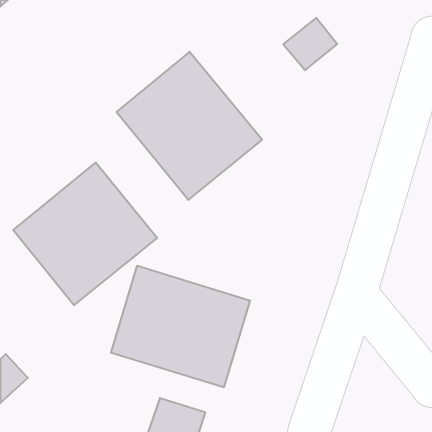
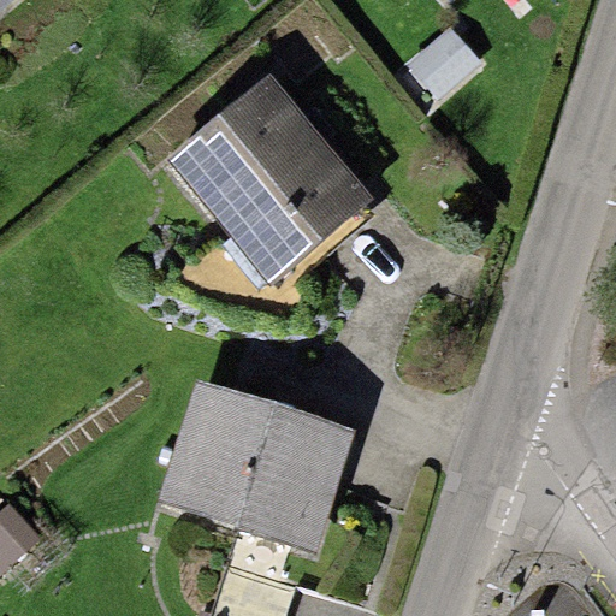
building: [13,163,157,305] -> none

